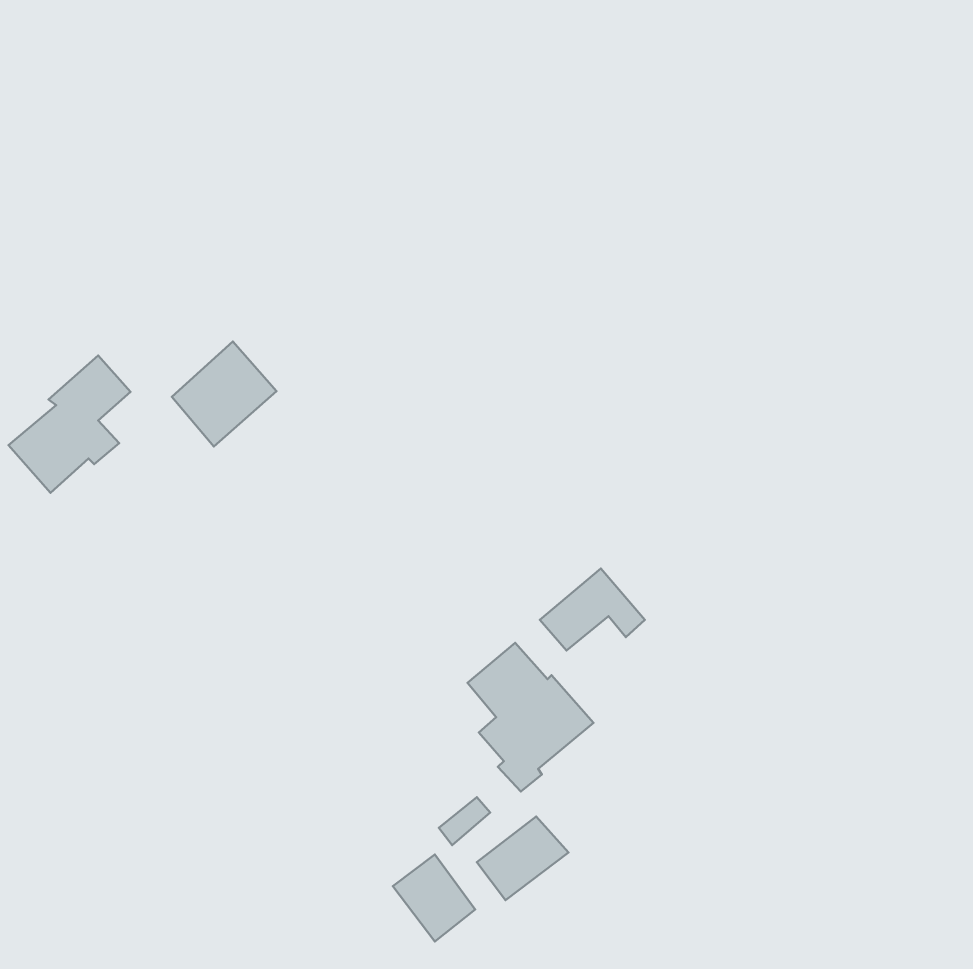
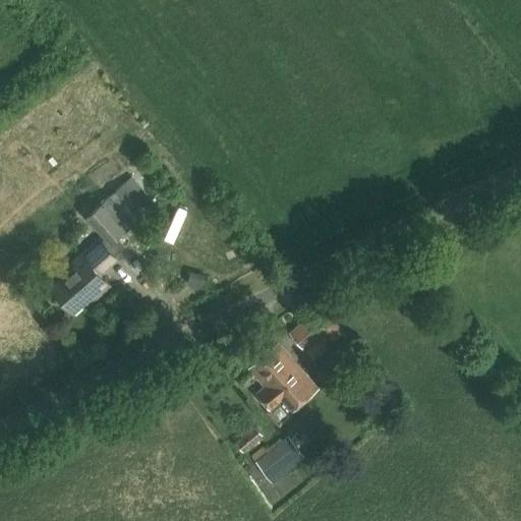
building: [8,356,130,493] -> [50,241,115,314]
building: [393,855,475,941] -> none

